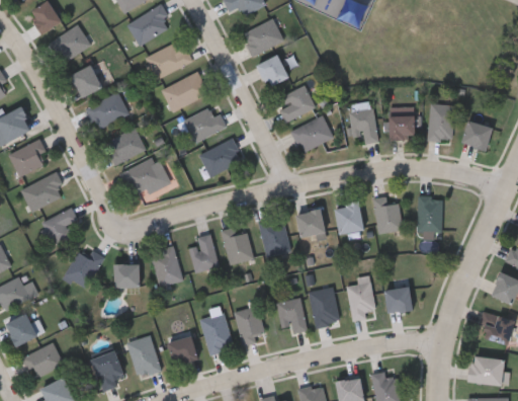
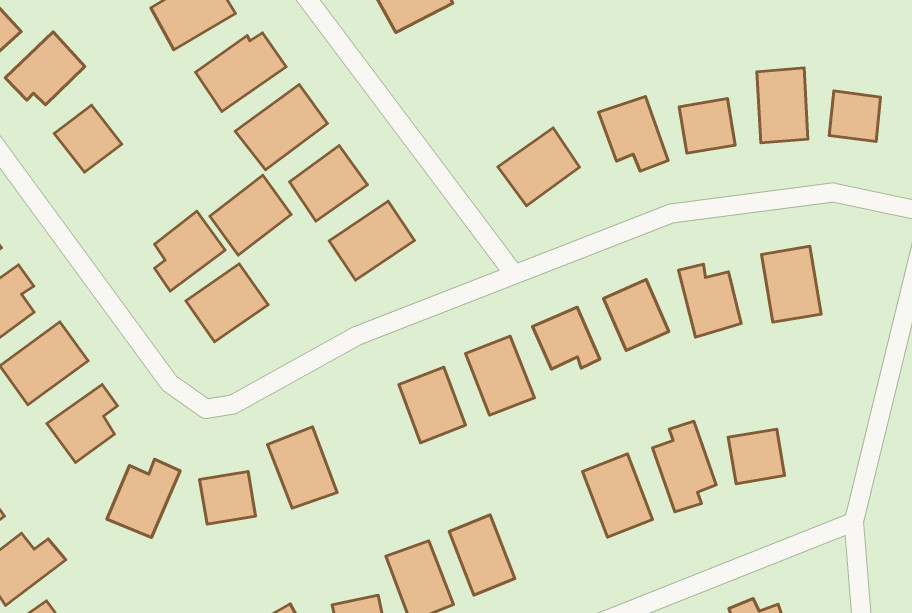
building: [256,55,288,87] -> none
building: [279,84,316,125] -> none
building: [87,92,128,131] -> [210,175,291,255]
building: [189,234,219,272] -> none
building: [276,298,307,334] -> none

